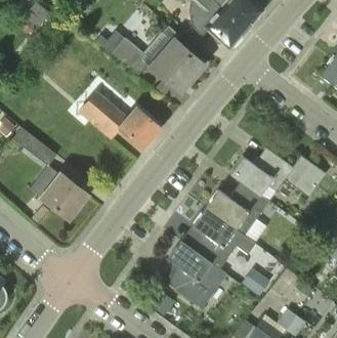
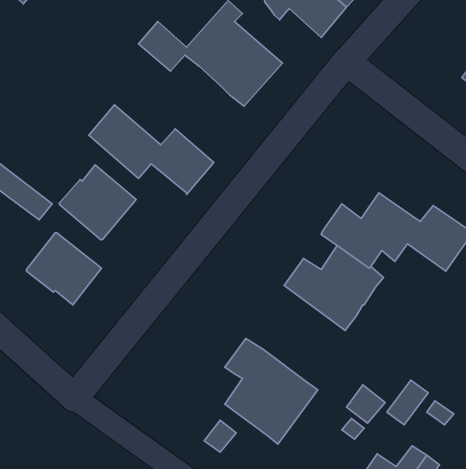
building: none -> [59,165,136,240]
building: [193,207,256,268] -> none

